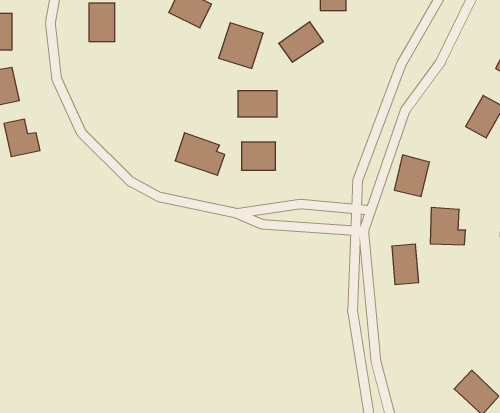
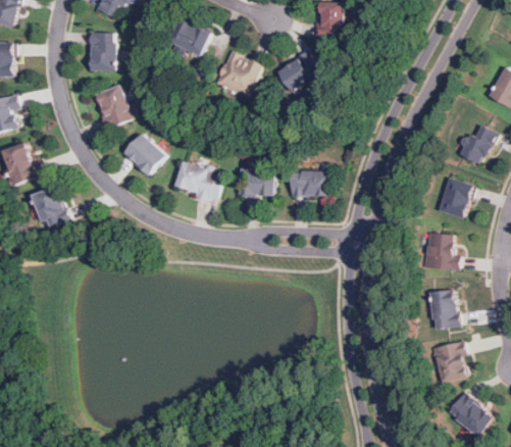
building: none -> [91,83,134,129]
building: [238,91,277,117] -> [290,170,328,196]
building: none -> [121,133,165,176]
building: [394,155,430,196] -> [438,177,472,217]
building: none -> [33,187,66,229]
building: [392,244,419,285] -> [430,290,457,330]
building: none -> [433,342,467,383]

